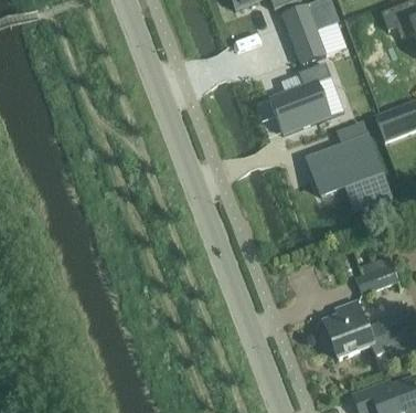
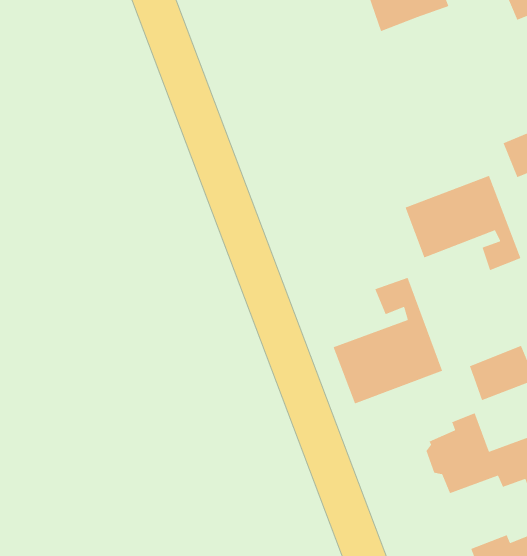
building: [291,29,326,63] -> none
building: [269,62,331,133] -> none
building: none -> [333,277,443,405]

